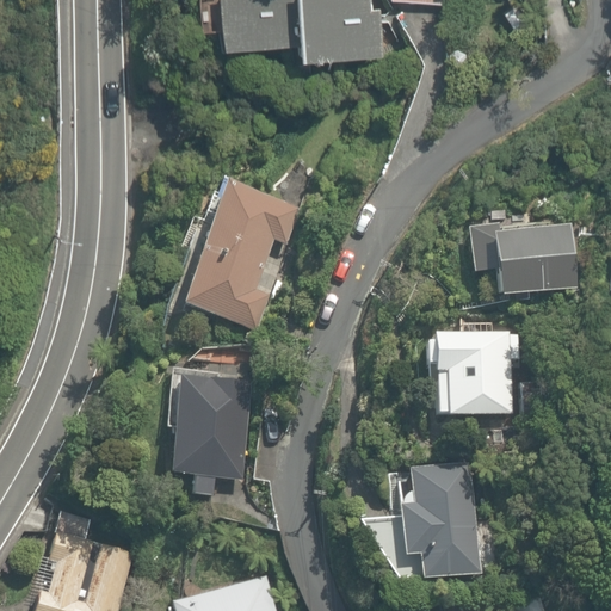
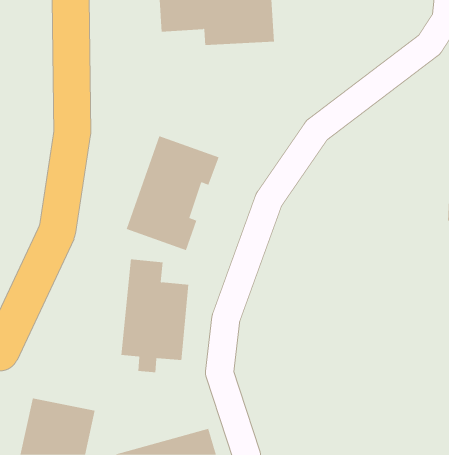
building: [469,211,586,289] -> none
building: [424,332,520,415] -> none
building: [400,487,480,579] -> none

